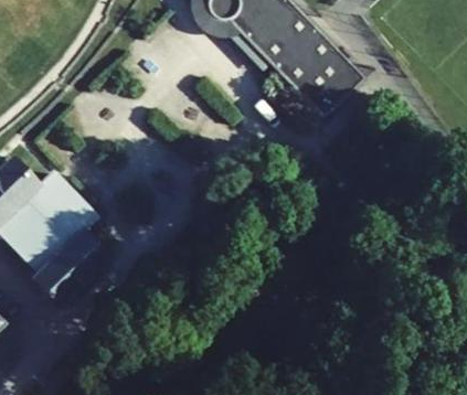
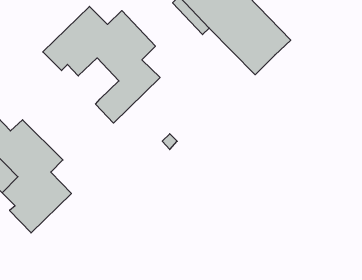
building: none -> [43,6,160,123]

